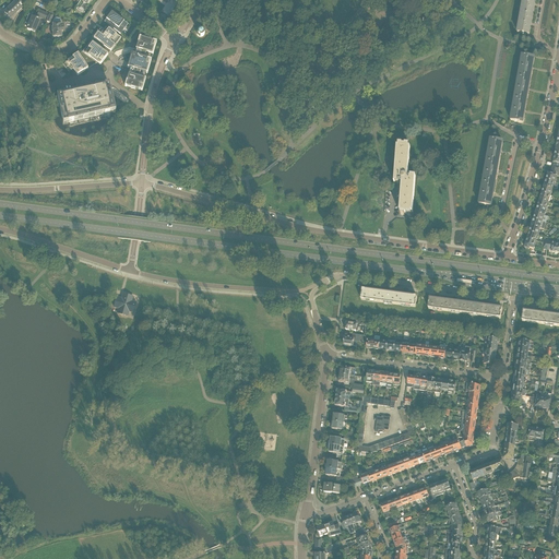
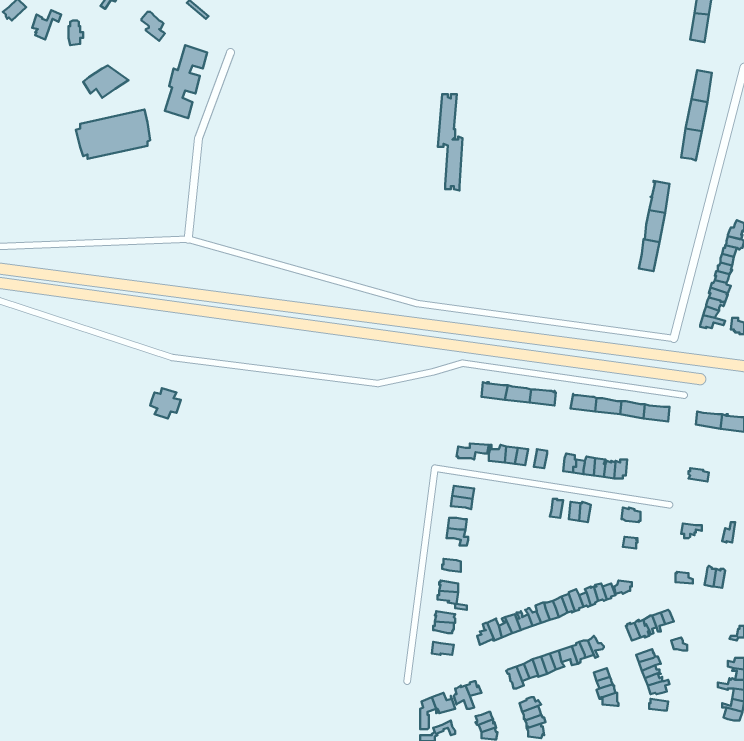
building: [81,23,120,62] -> none
building: [394,141,413,213] -> [438,94,463,191]

